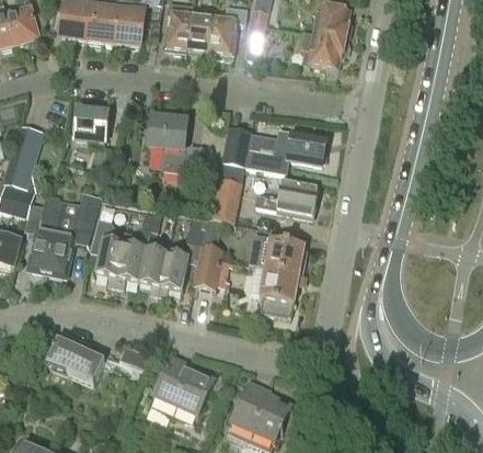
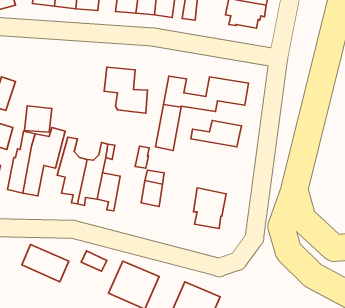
building: [74,107,108,140] -> [24,106,52,132]
building: [248,234,304,273] -> none
building: [160,251,188,296] -> none

